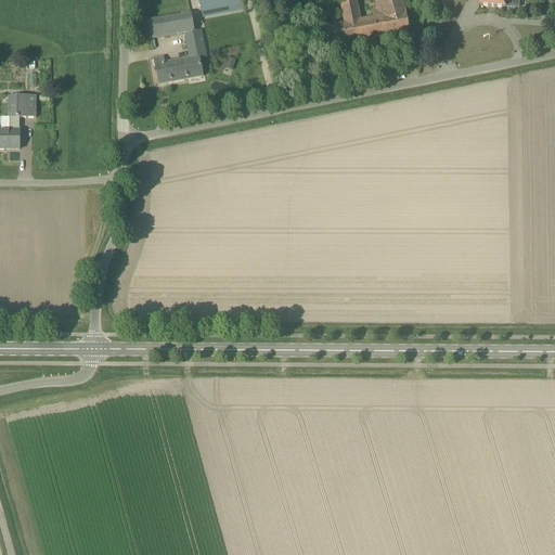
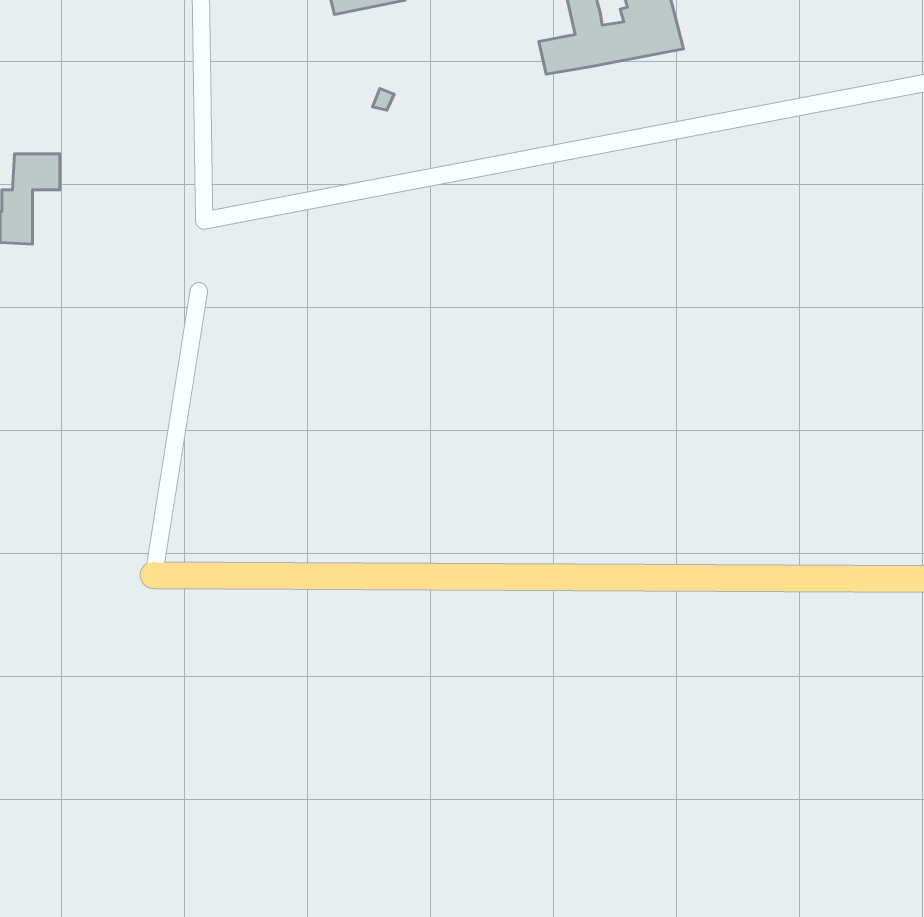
building: [149,10,207,80] -> none

